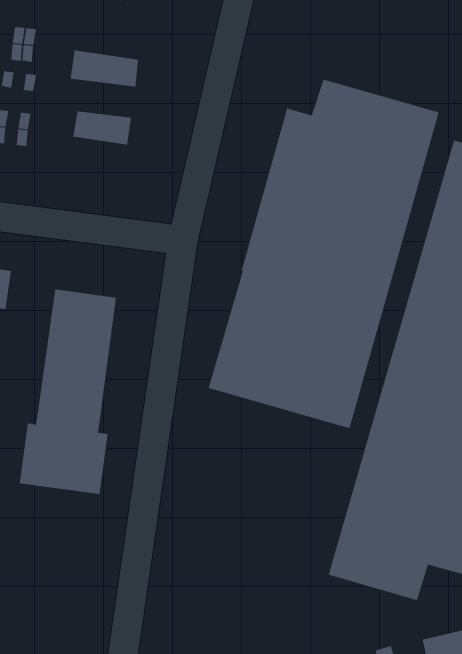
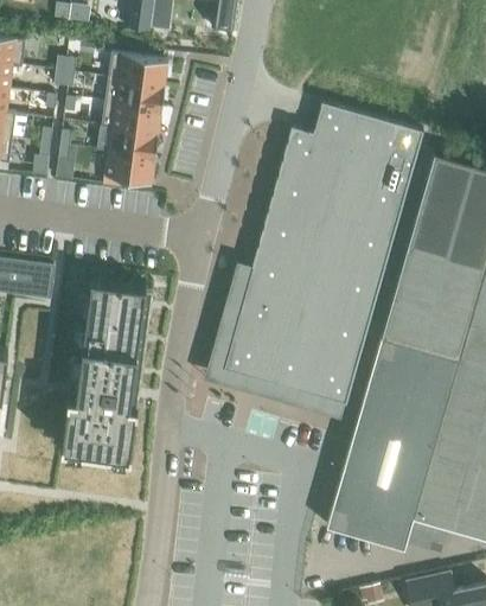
building: none -> [108,56,167,88]
building: none -> [101,104,161,138]
building: none -> [103,154,154,185]

